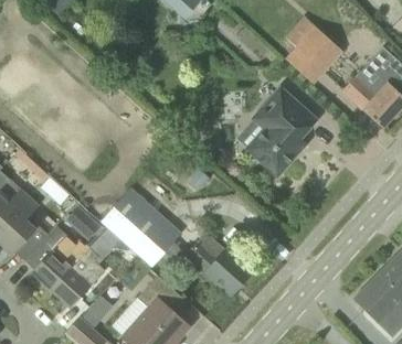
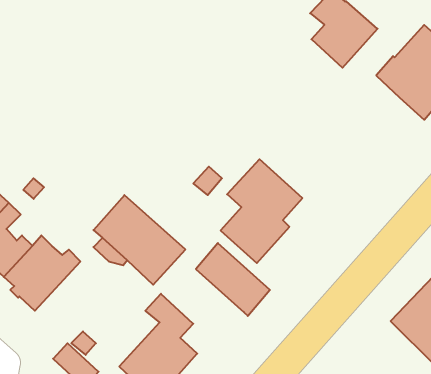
building: [246,87,316,175] -> [221,159,302,263]
building: [66,206,103,241] -> none
building: [51,248,106,305] -> none

